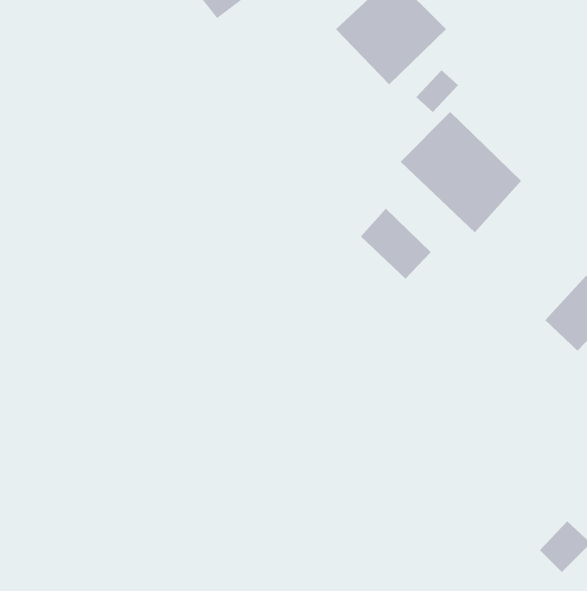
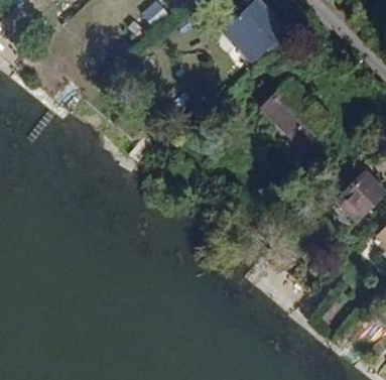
building: [360,208,432,279] -> none

